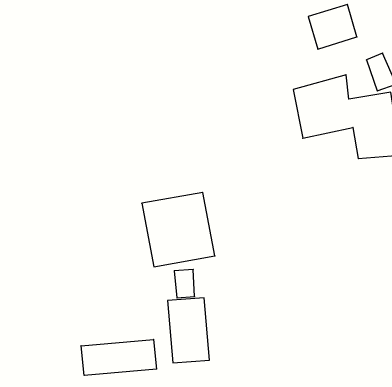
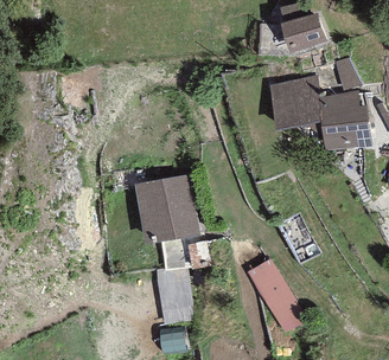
building: none -> [248,257,313,338]
building: [81,339,157,375] -> none

